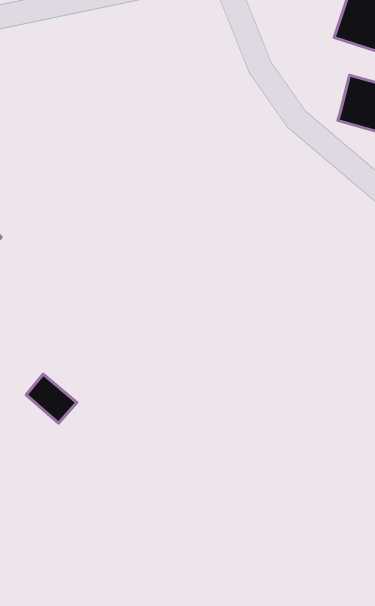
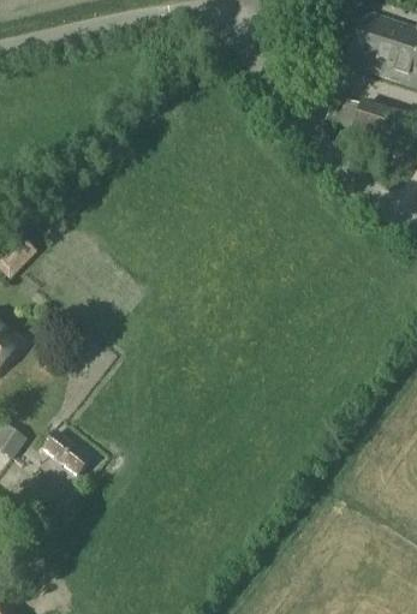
building: [26,374,77,423] -> [43,427,90,472]

